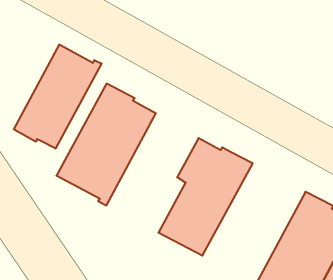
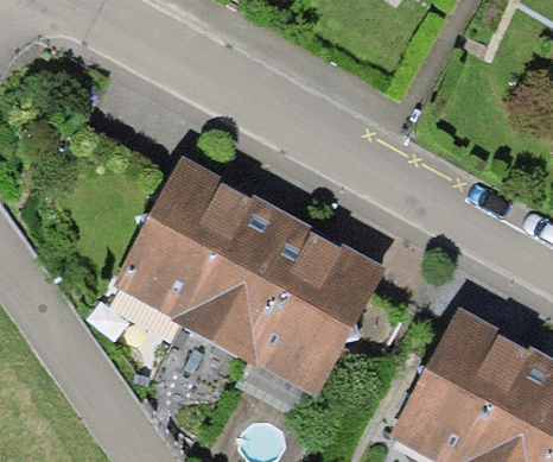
building: [14,45,102,149] -> none
building: none -> [183,195,313,366]

